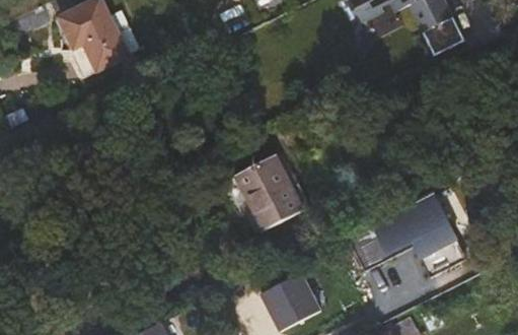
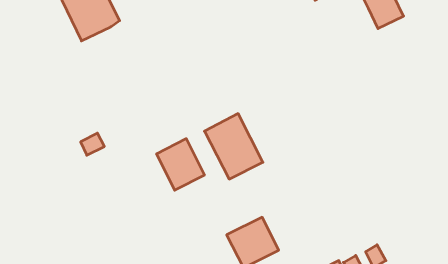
building: none -> [157,139,204,190]
building: [349,196,466,277] -> none

